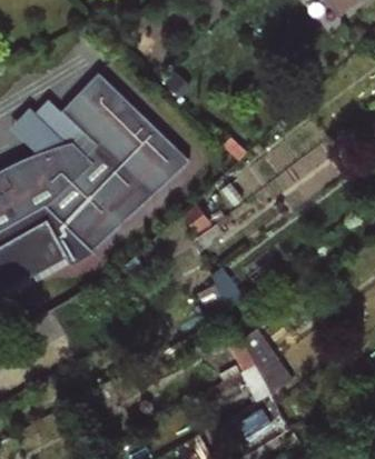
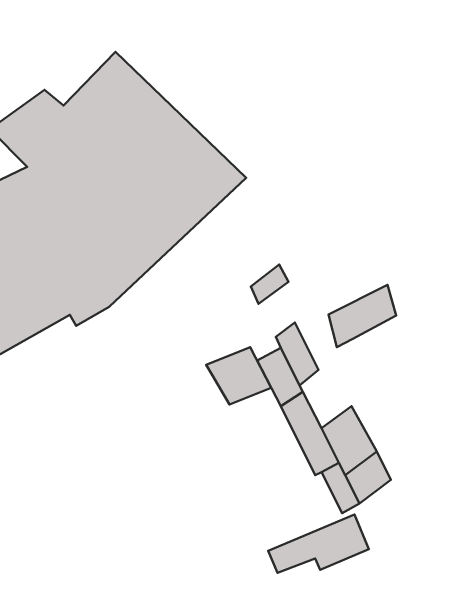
building: none -> [328,285,396,347]
building: none -> [206,347,271,404]

